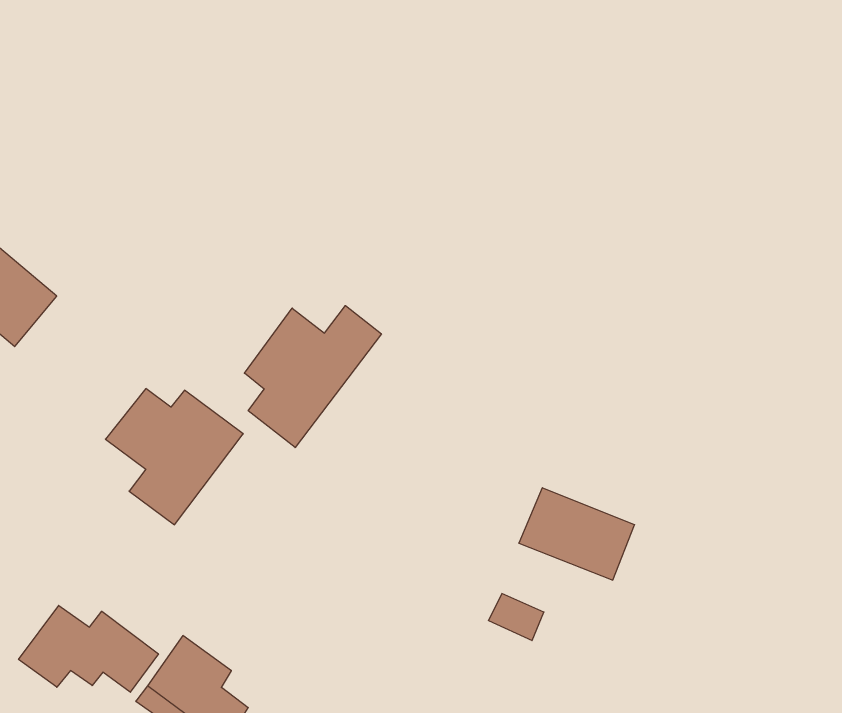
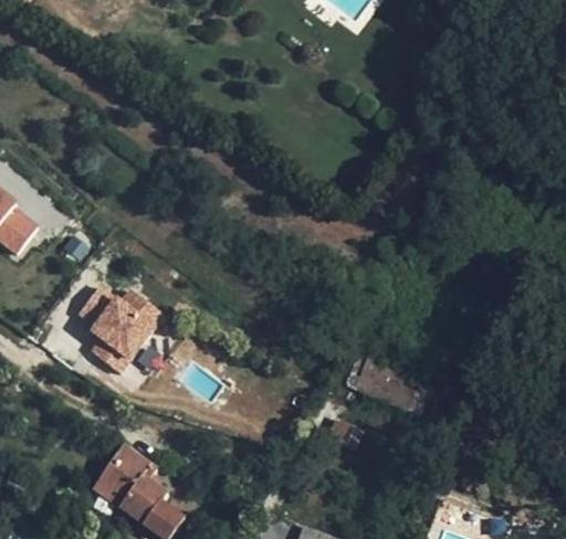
building: [244,306,381,448] -> none
building: [19,605,158,692] -> none

